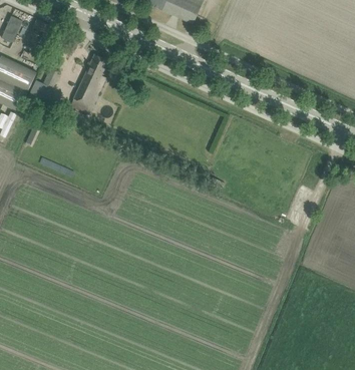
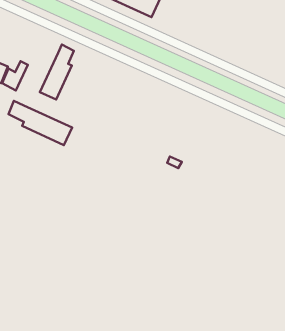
building: none -> [9,101,72,145]

